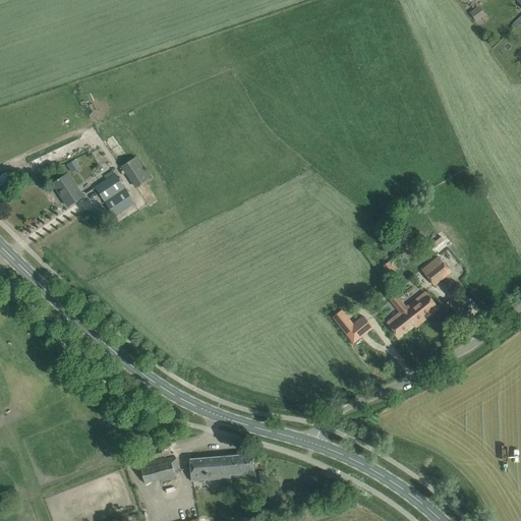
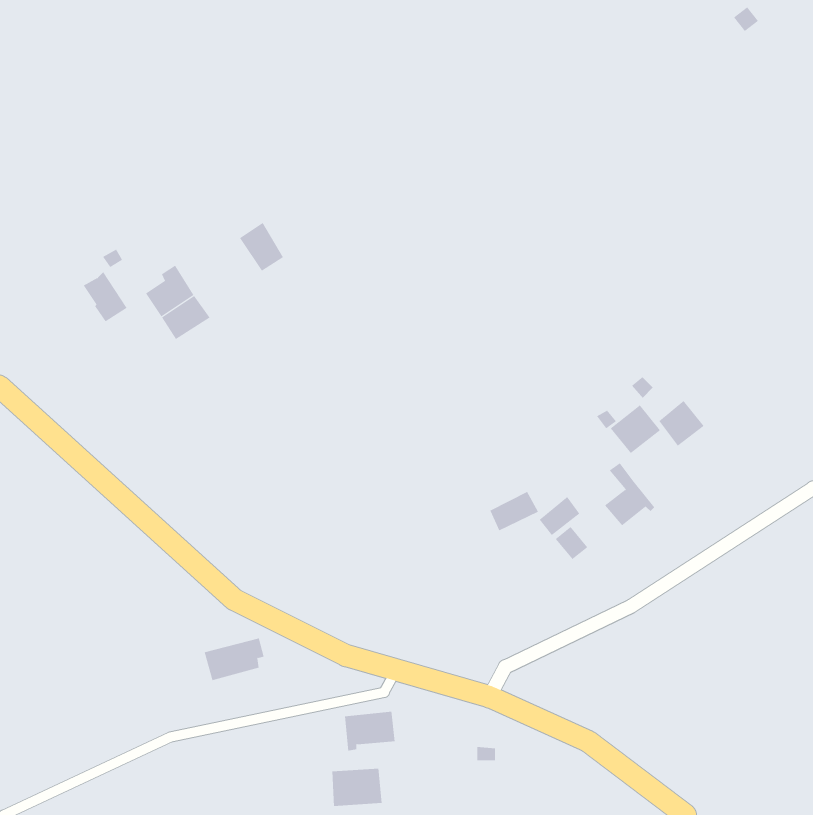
building: [120,156,149,187] -> [239,222,284,272]
building: [405,292,438,324] -> [610,405,661,454]
building: [138,456,177,483] -> [204,638,264,681]
building: [189,457,222,481] -> [331,768,382,806]

